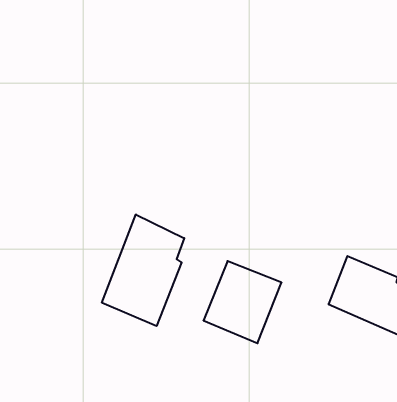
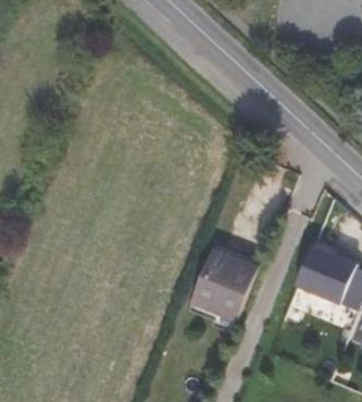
building: [102,214,184,326] -> none

